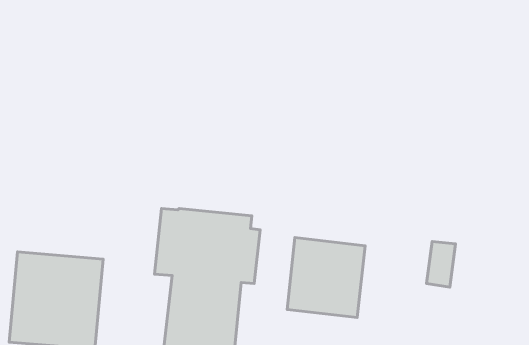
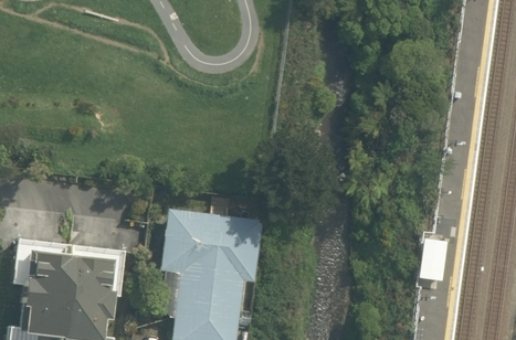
building: [287,238,365,318] -> none

